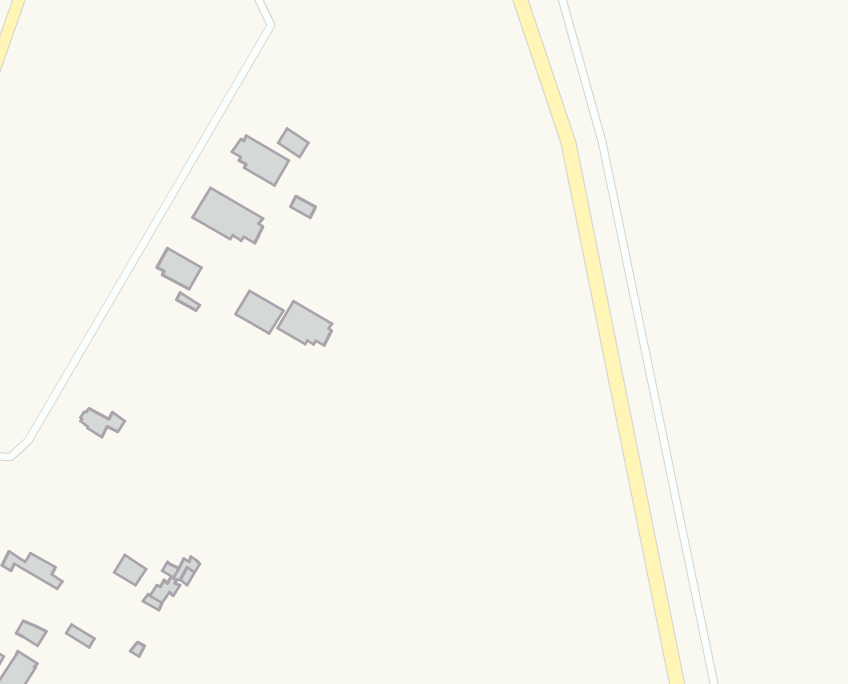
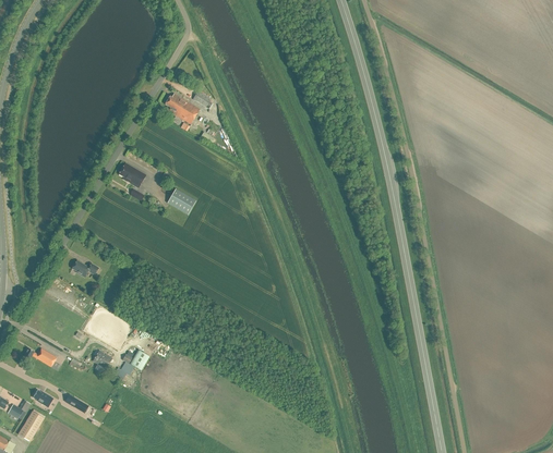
building: [193,188,263,243] -> none
building: [277,301,332,346] -> none

